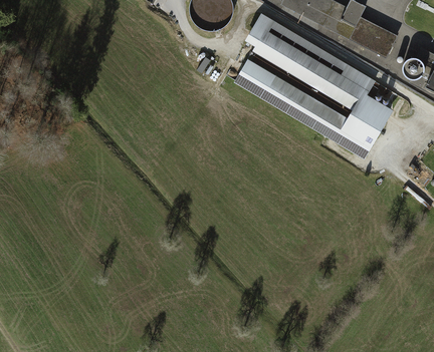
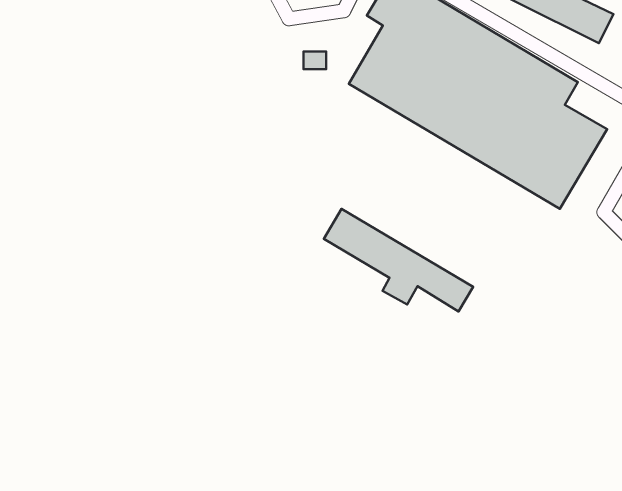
building: none -> [324,209,473,311]

